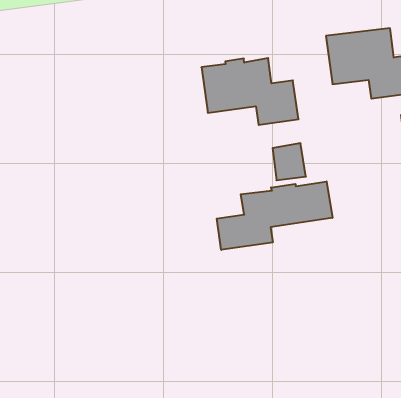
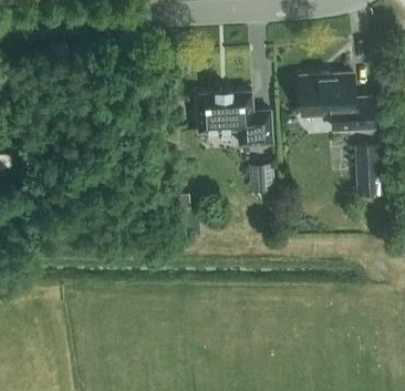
building: [217,181,332,250] -> none

